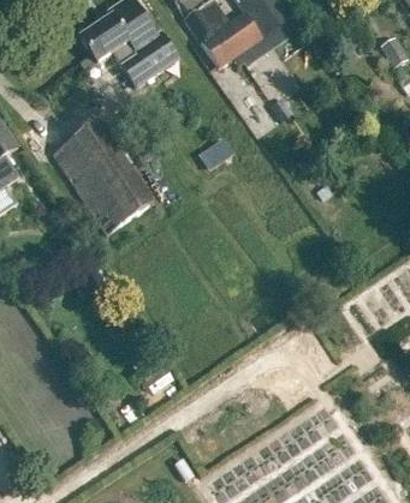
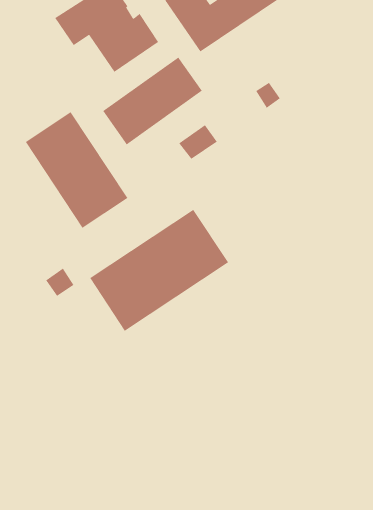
building: none -> [102,56,203,145]
building: none -> [89,209,229,332]

